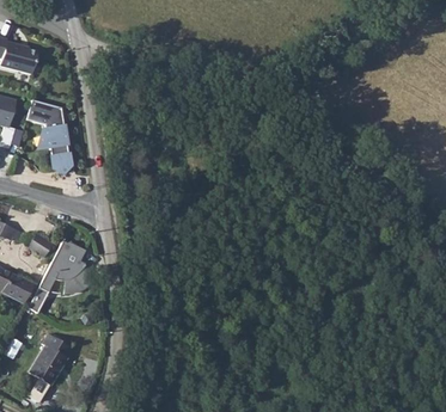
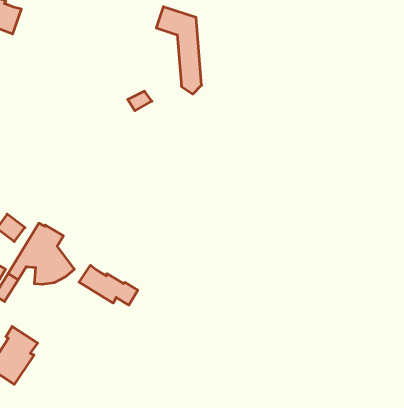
building: [28,99,72,174] -> [156,7,202,94]
building: none -> [79,265,138,305]

